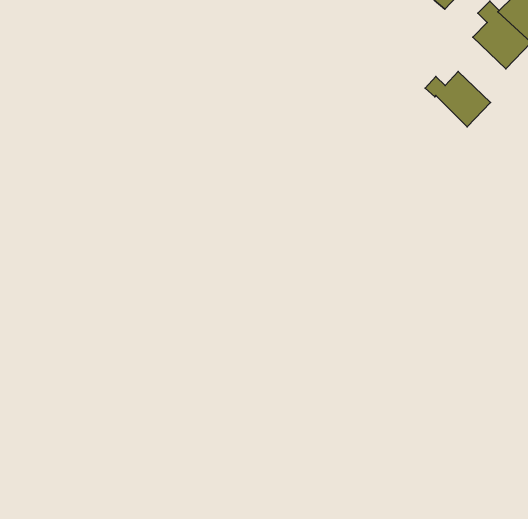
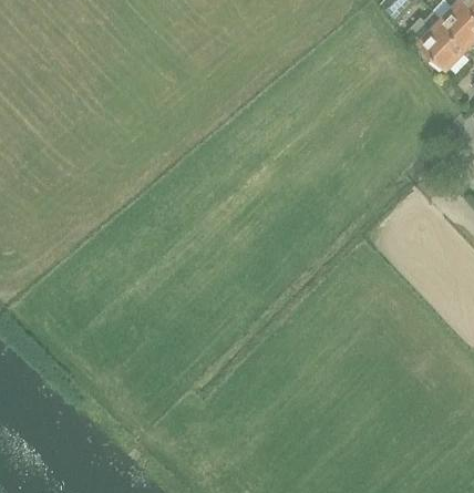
building: [425,71,491,127] -> none

